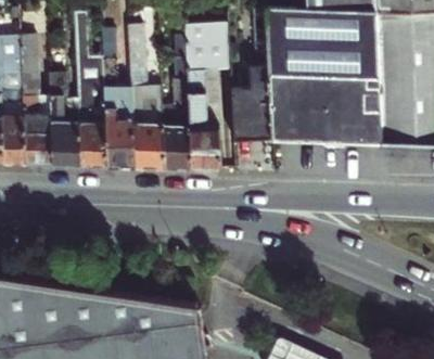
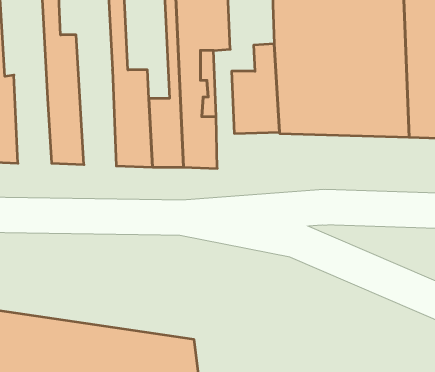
building: [101,41,135,165] -> none
building: [48,70,80,163] -> none

